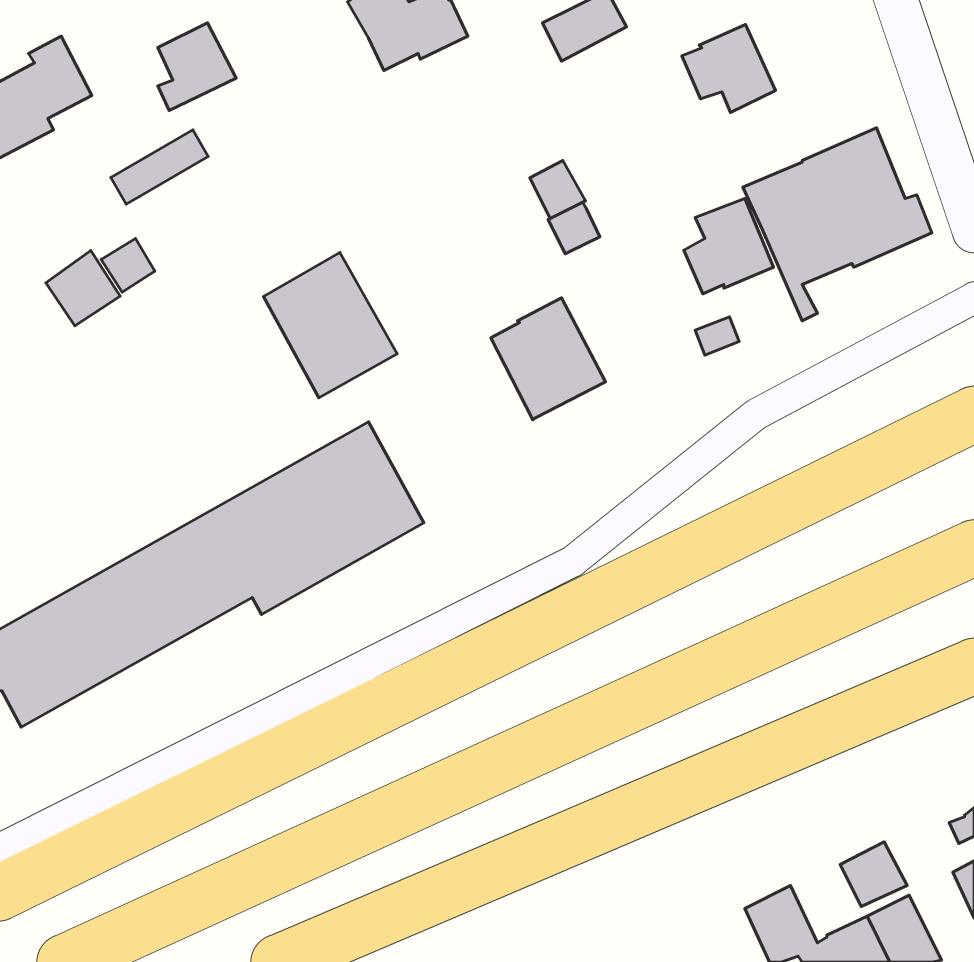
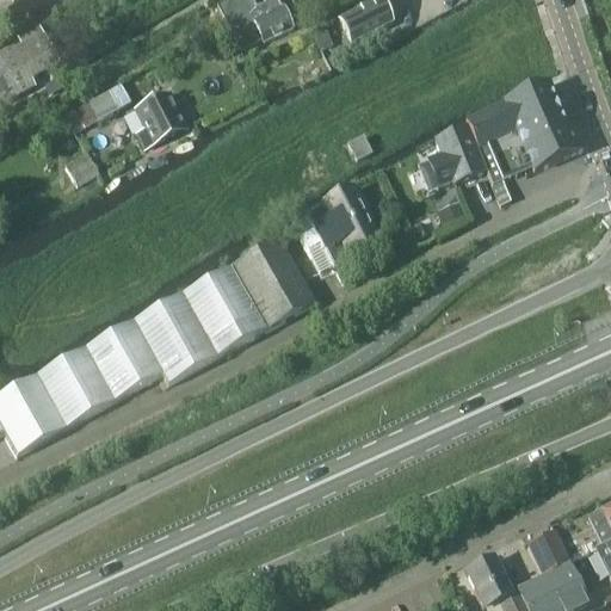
building: [158,23,236,111] -> [136,90,185,144]
building: [682,24,776,113] -> none
building: [530,161,585,218] -> none
building: [46,250,120,326] -> none
building: [264,253,397,398] -> [230,236,314,327]

